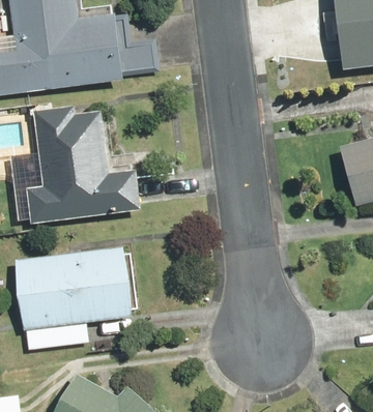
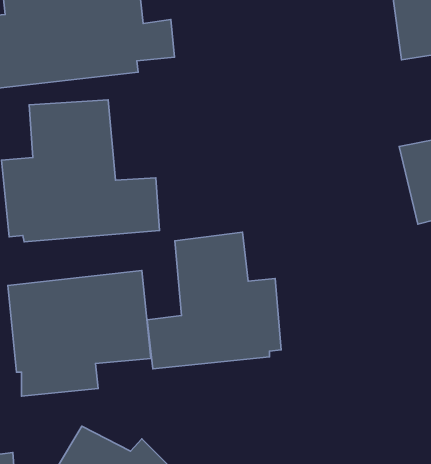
building: none -> [147,232,281,369]

